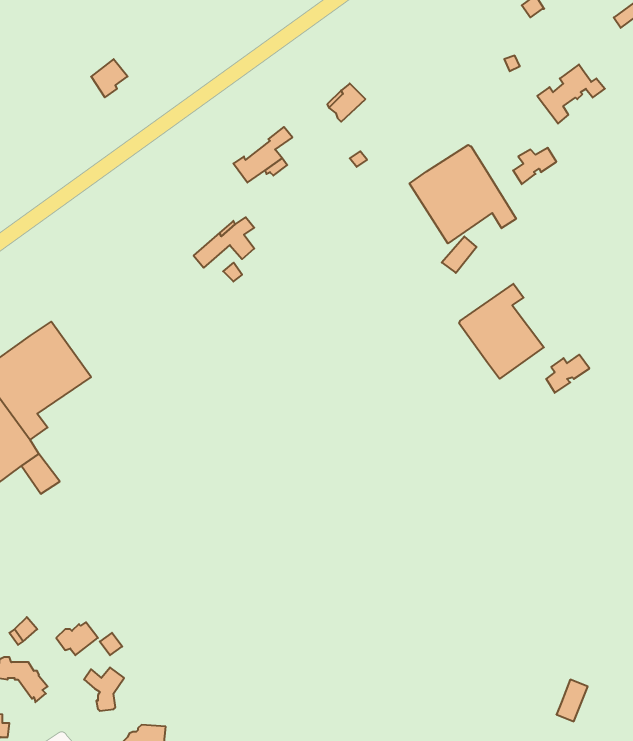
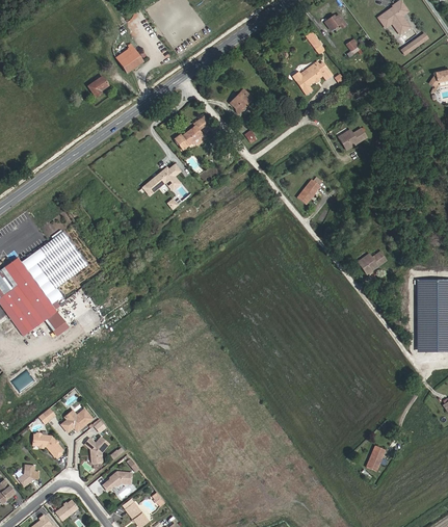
building: none -> [115,43,143,72]
building: [537,64,605,124] -> [292,59,333,95]
building: [410,145,516,243] -> none
building: [459,284,544,379] -> none

